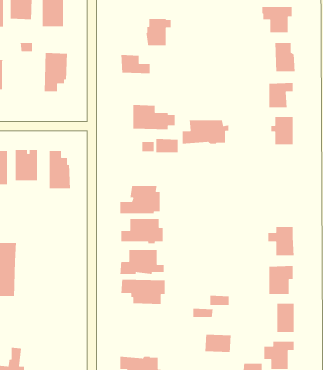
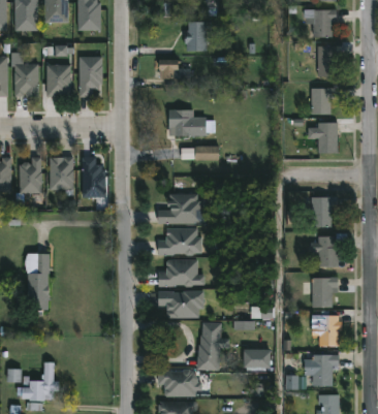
building: none -> [45,65,69,97]
building: [182,120,229,145] -> none
building: none -> [311,196,337,226]
building: none -> [198,322,231,371]

